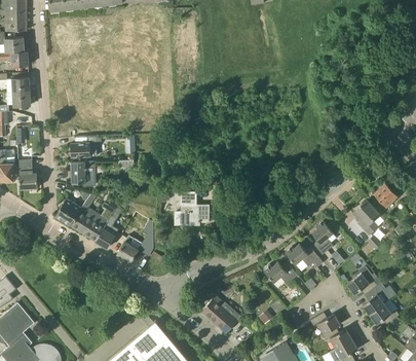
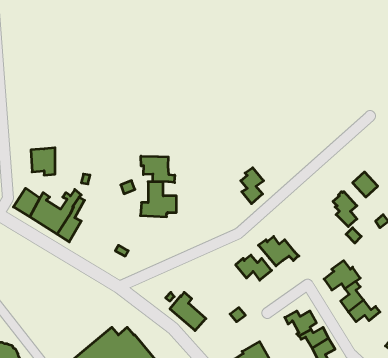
building: [70,136,102,157] -> none
building: none -> [141,156,175,183]
building: [311,221,333,255] -> [241,168,264,204]
building: [116,233,152,262] -> none

